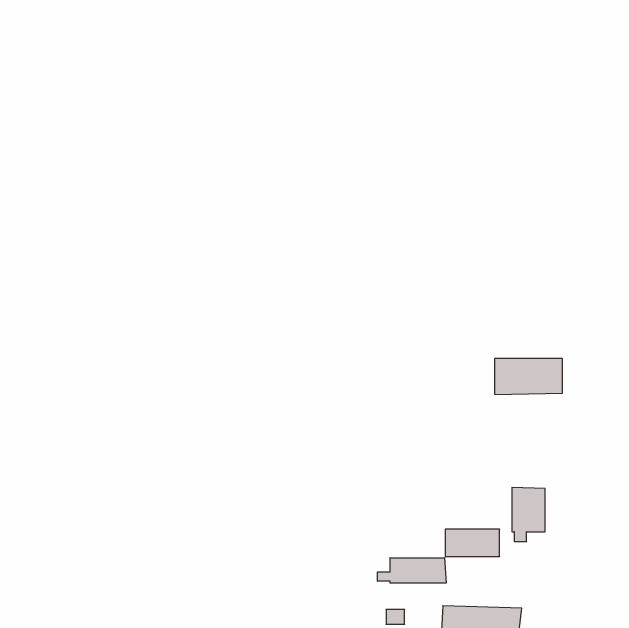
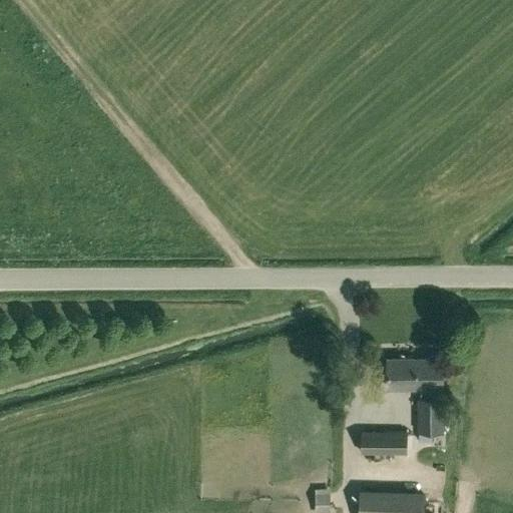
building: [495,359,562,394] -> [387,359,442,388]
building: [378,558,446,583] -> none

